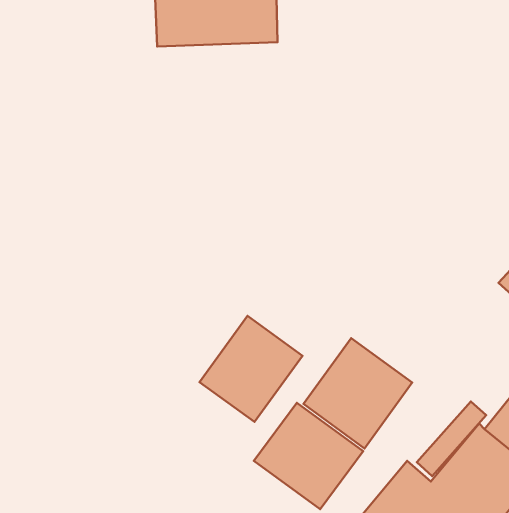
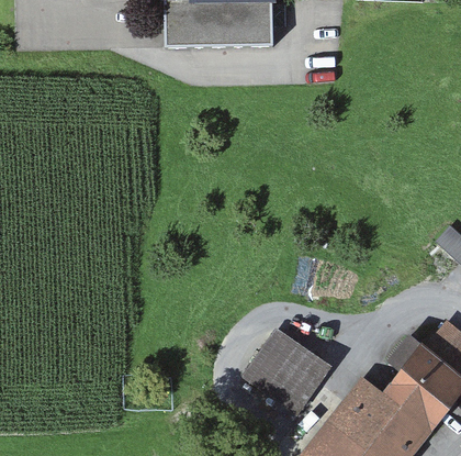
building: [200,316,302,422] -> none
building: [304,338,412,448] -> none

